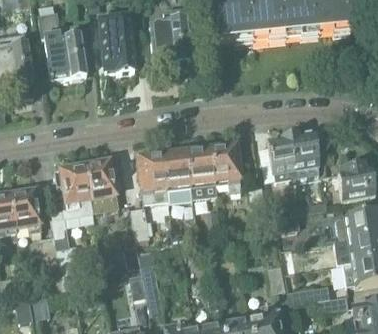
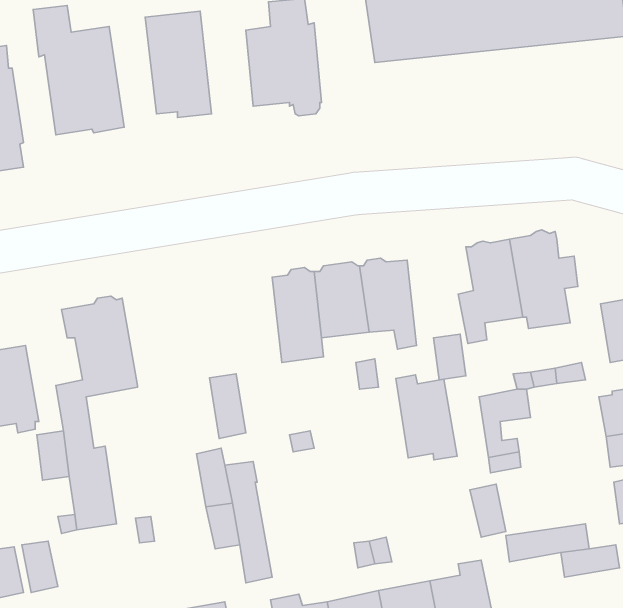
building: [137,152,169,202] -> none
building: [85,161,117,211] -> none
building: none -> [396,375,457,460]

